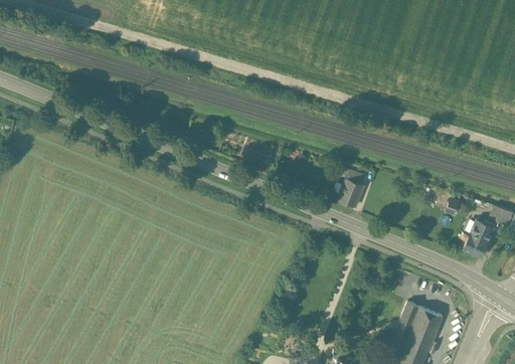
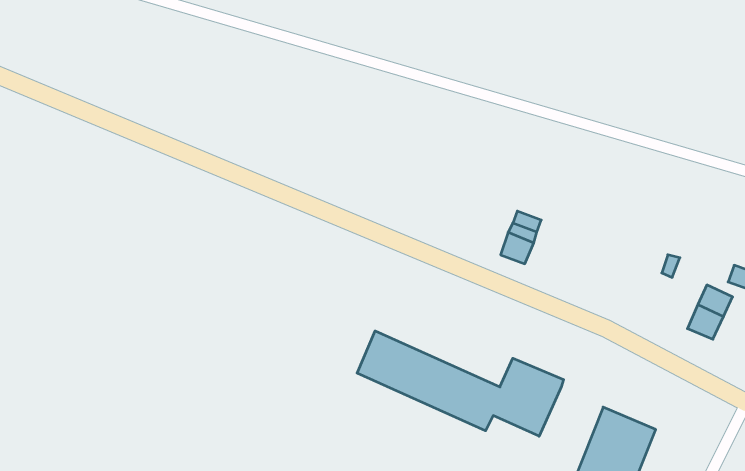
building: none -> [357,331,564,436]

